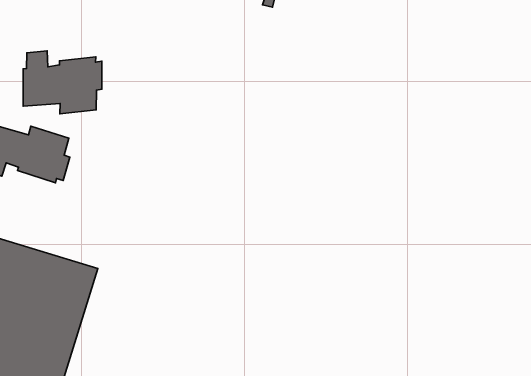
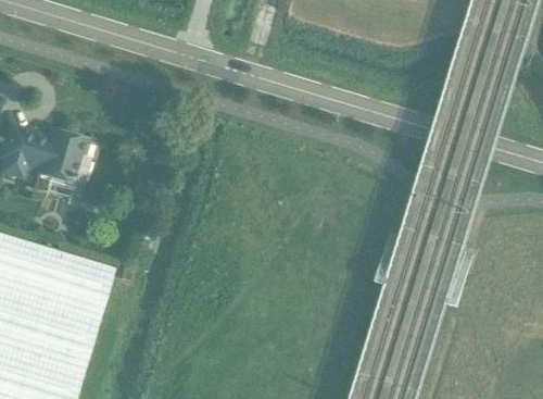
building: [23,51,102,114] -> none

